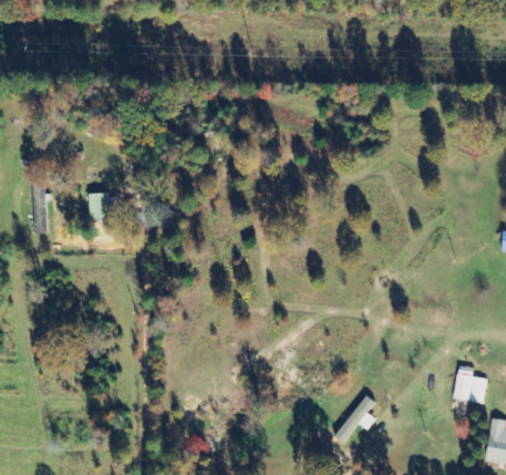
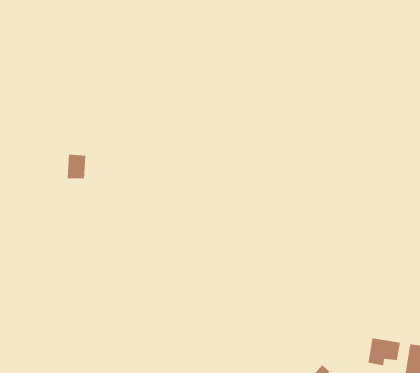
building: none -> [368,338,401,366]

